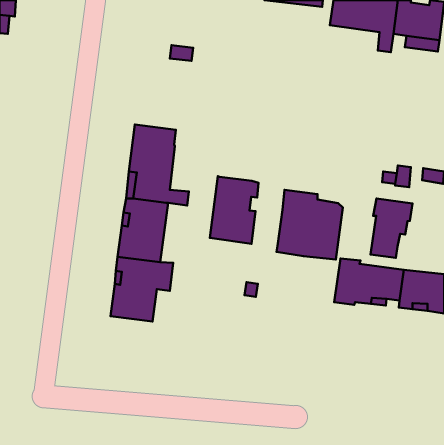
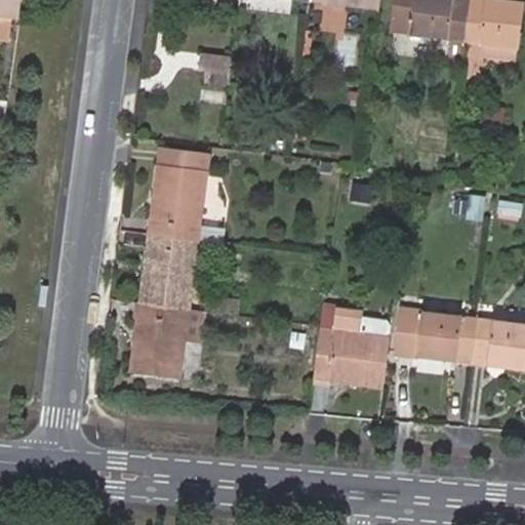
building: [210,176,258,244] -> none
building: [277,190,343,260] -> [312,306,390,388]
building: [371,198,412,258] -> none

